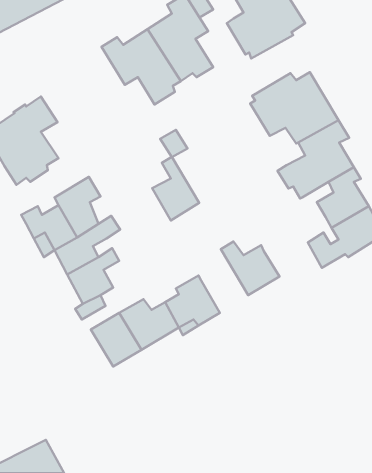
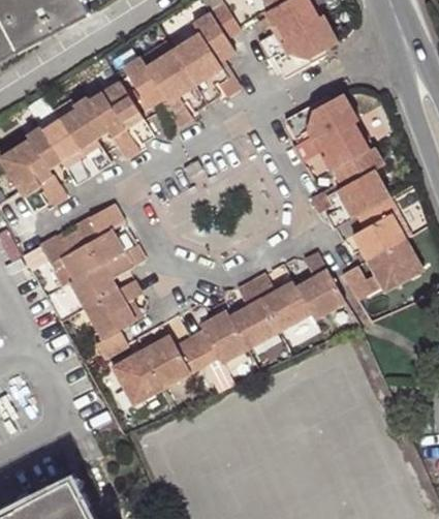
building: none -> [60,80,156,174]
building: [152,157,199,221] -> [229,280,279,347]
building: none -> [295,249,344,315]

